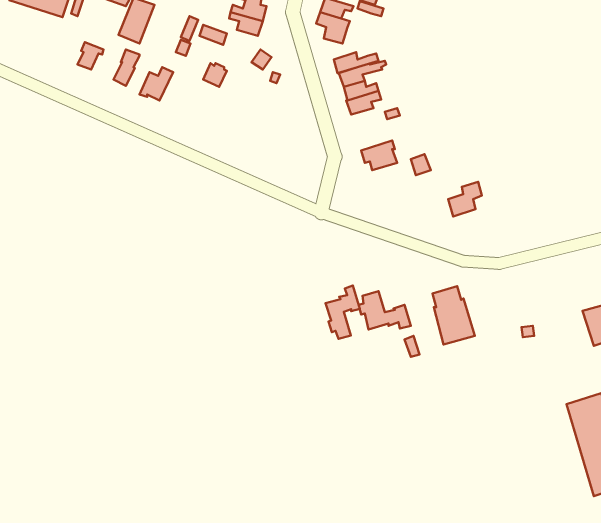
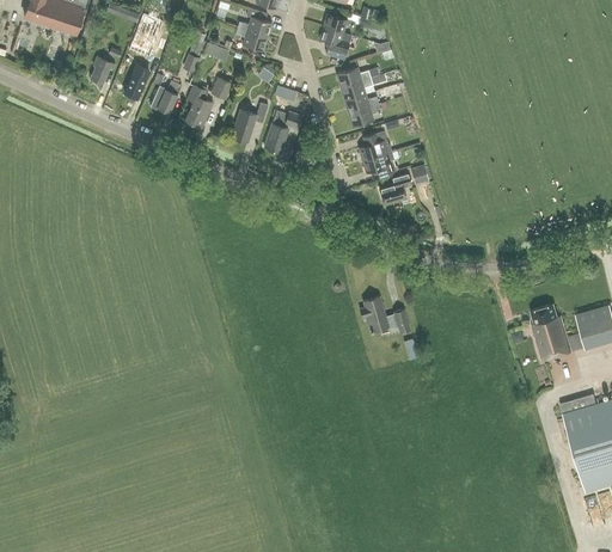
building: none -> [185,86,213,128]
building: none -> [232,103,268,142]
building: none -> [264,111,304,153]
building: none -> [359,131,392,161]
building: [448,182,482,217] -> [379,172,411,206]
building: [325,285,360,339] -> none
building: [432,286,475,345] -> [531,305,571,361]

